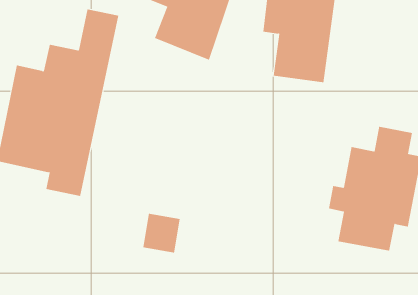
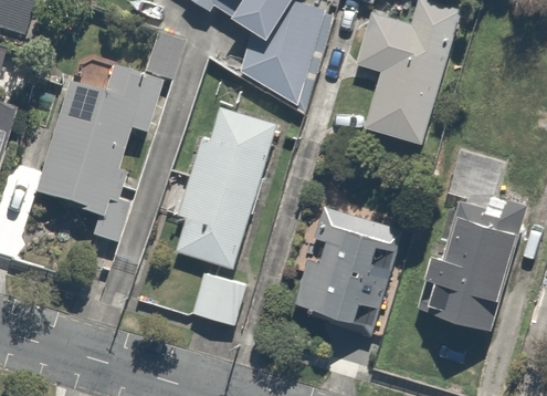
building: none -> [158,106,275,267]
building: none -> [284,205,403,338]

